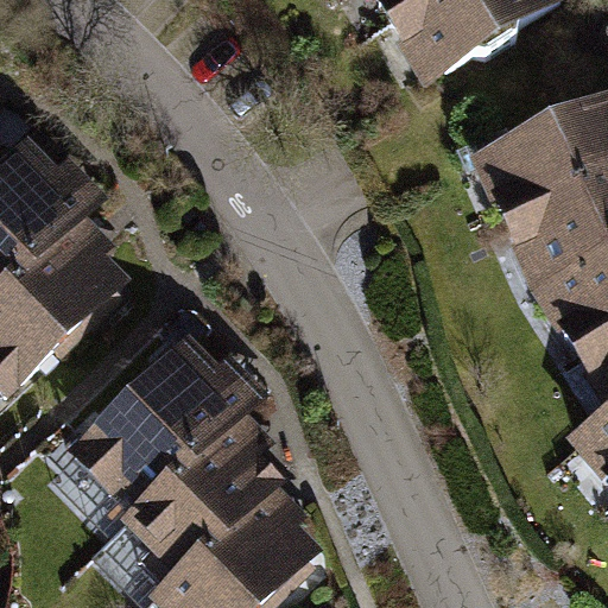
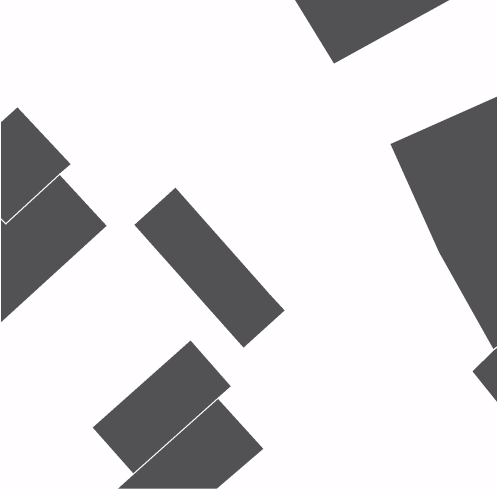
building: none -> [134,187,285,349]
building: [57,332,253,519] -> none

